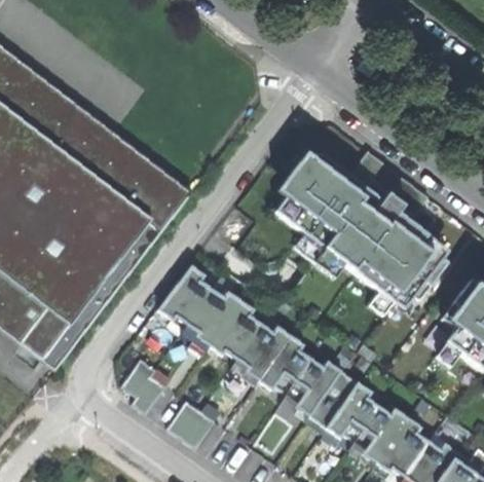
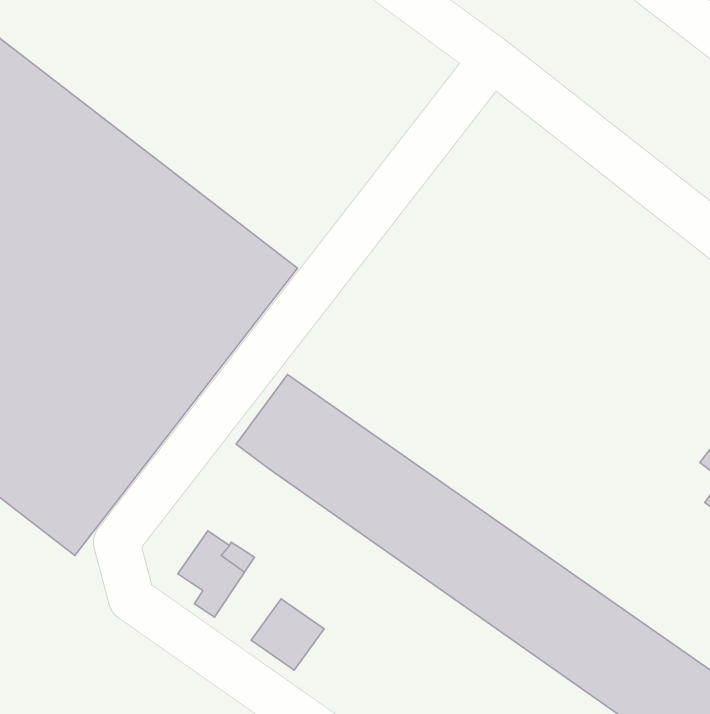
building: [273,148,444,305] -> none

